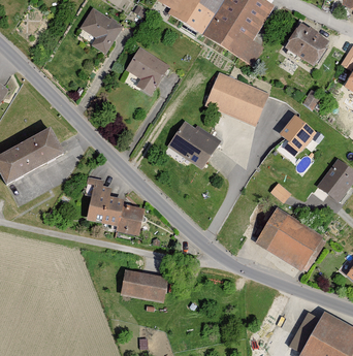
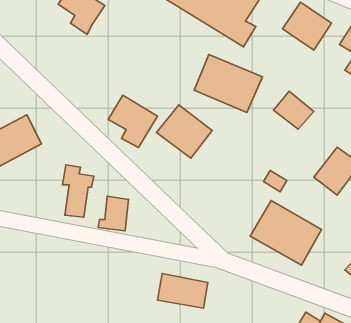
building: [125,47,170,96] -> [108,95,157,147]
building: [102,196,125,226] -> none
building: [121,269,167,301] -> [158,273,208,308]

